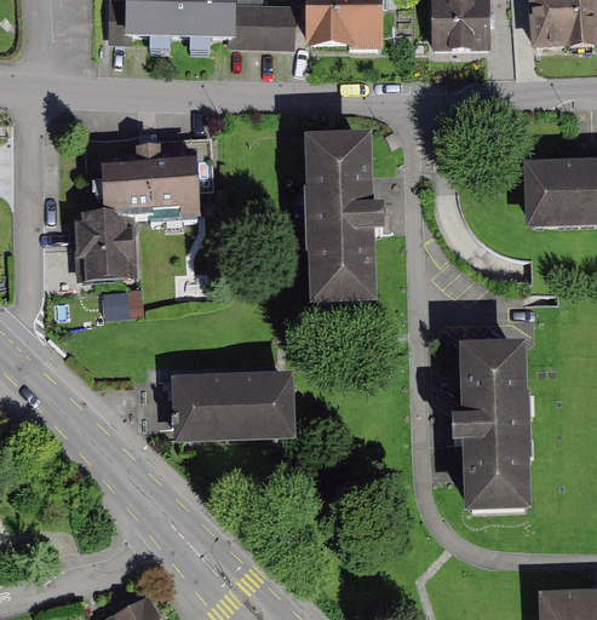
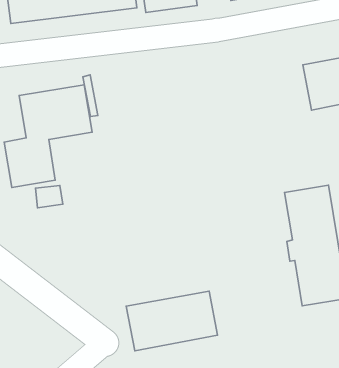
building: [306,133,378,302] -> none
building: [167,372,293,442] -> [126,291,217,351]

